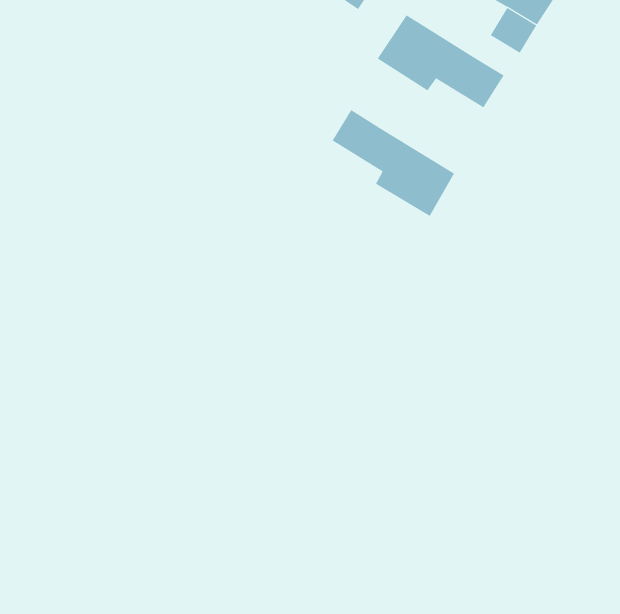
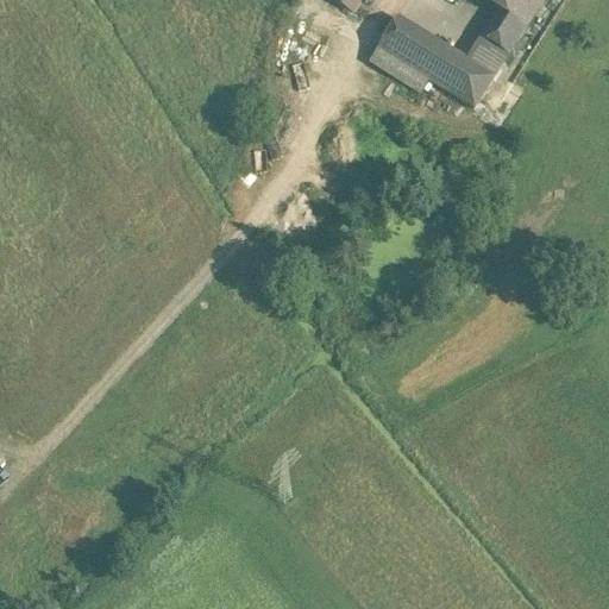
building: none -> [466,34,509,74]
building: [332,109,455,217] -> none

